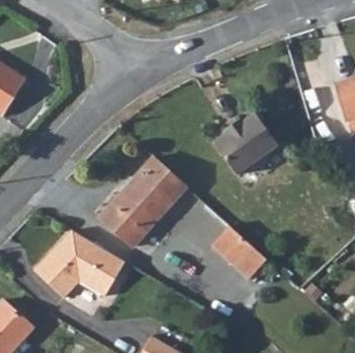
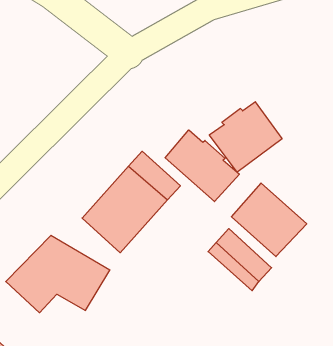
building: none -> [165,130,239,202]
building: none -> [231,183,307,257]

